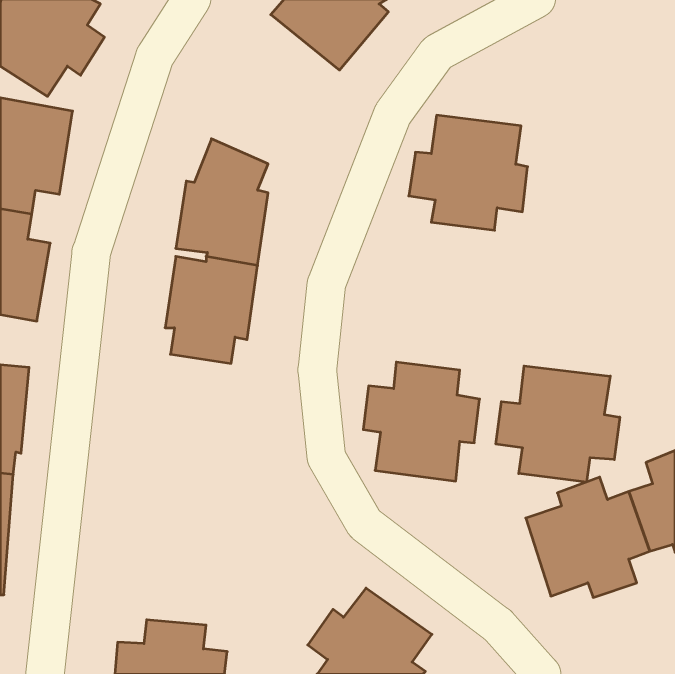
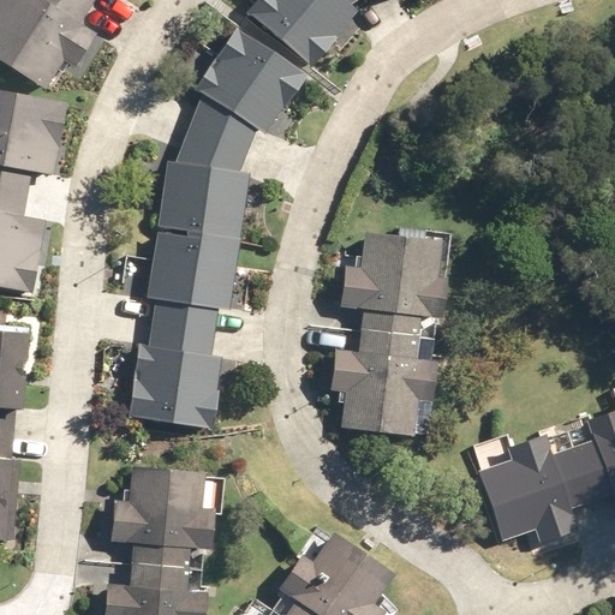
building: none -> [192,30,301,149]
building: [409,115,528,230] -> [340,232,448,336]
building: none -> [131,322,220,428]
building: [496,366,620,482] -> none
building: none -> [112,466,214,568]

